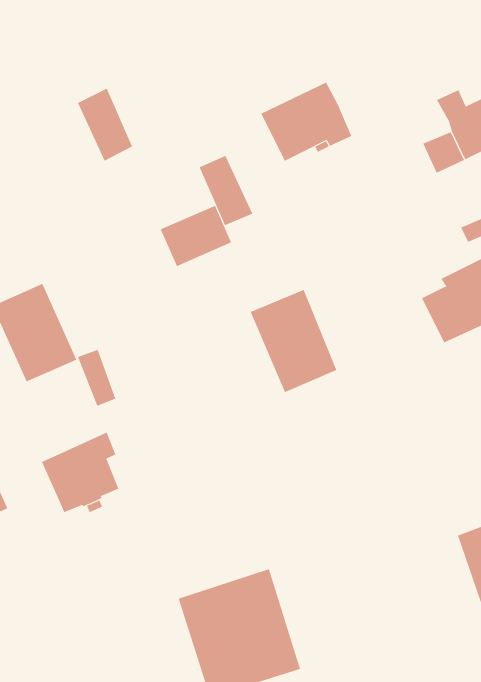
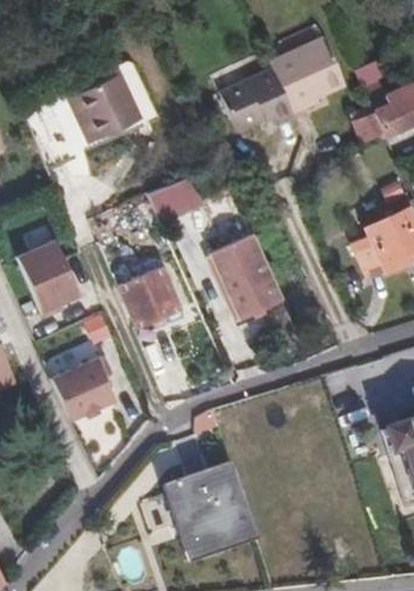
building: none -> [271,40,346,117]
building: [199,155,253,226] -> [101,69,144,125]
building: none -> [115,265,176,325]

